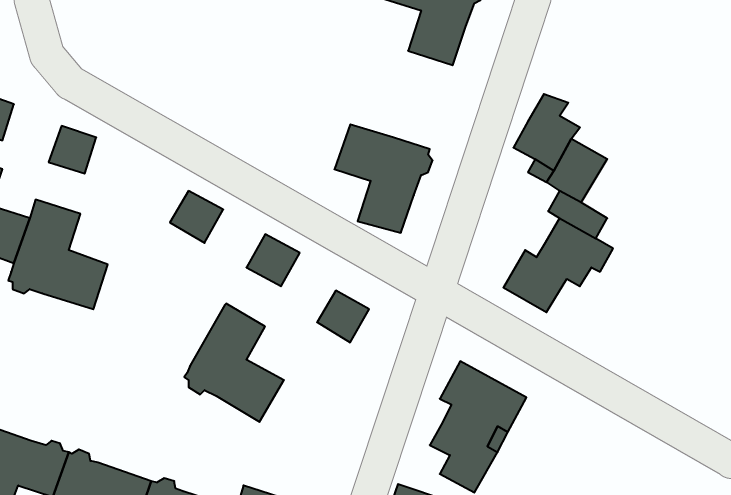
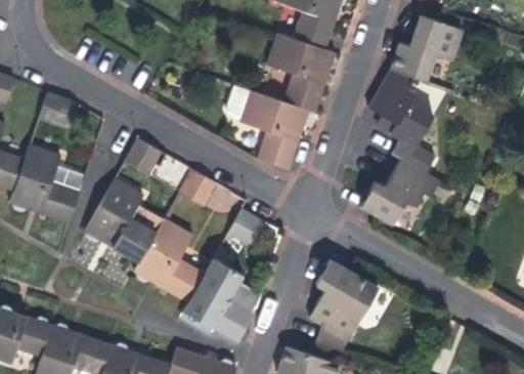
building: none -> [389,15,463,82]
building: none -> [266,33,336,111]
building: none -> [84,178,163,262]
building: none -> [183,257,254,342]

